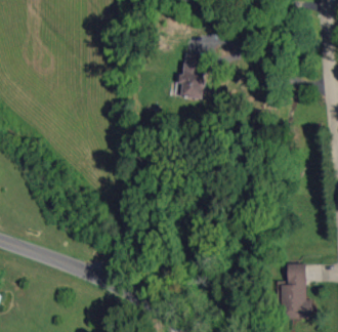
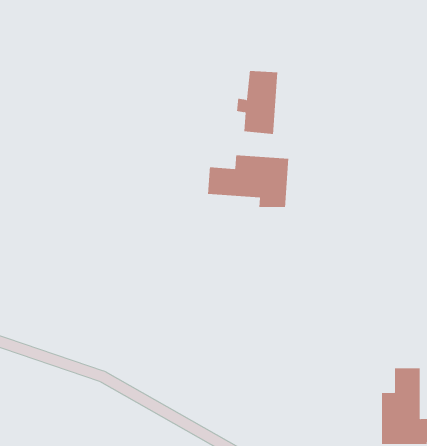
building: none -> [208,154,289,208]

